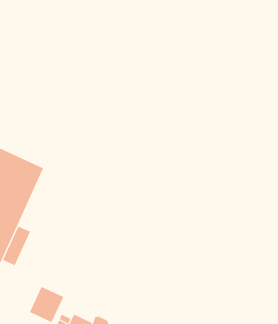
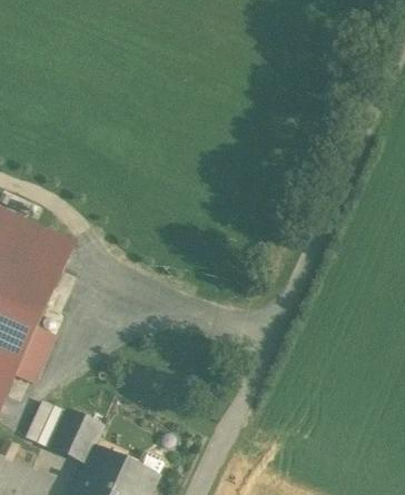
building: none -> [28,404,61,444]

